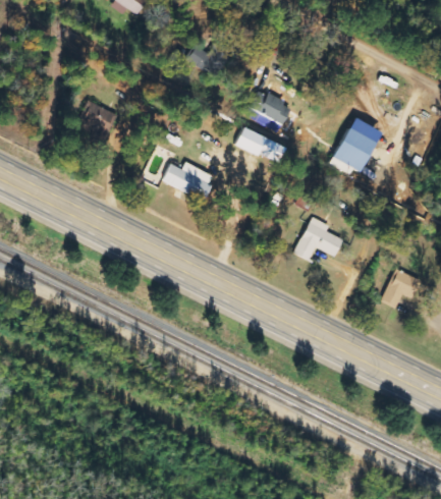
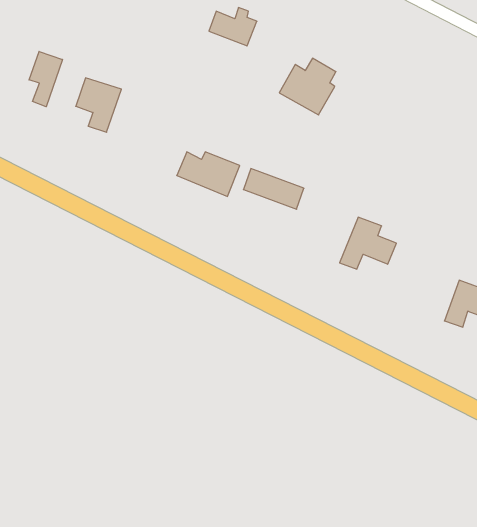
building: none -> [29,51,62,107]
building: [331,118,379,173] -> none
building: [235,128,285,162] -> [243,169,304,209]

